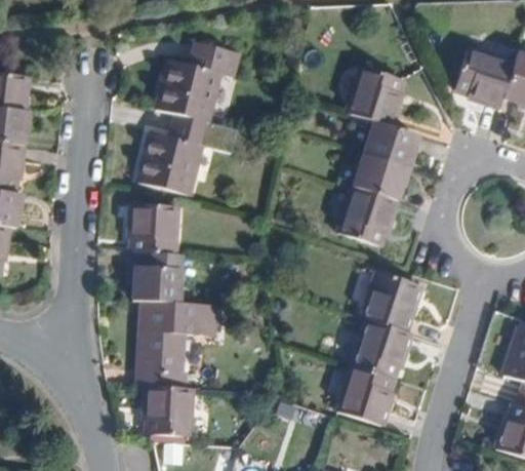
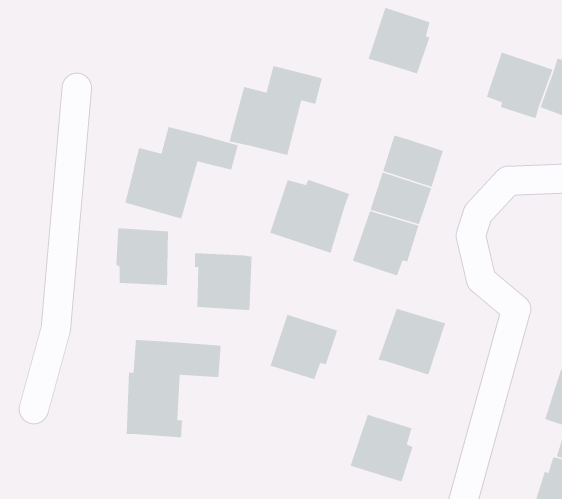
building: [156,41,239,121] -> [229,65,323,156]
building: [347,66,402,125] -> [367,7,430,74]
building: none -> [269,179,350,254]
building: [131,251,183,303] -> [194,253,252,311]
building: [351,320,411,379] -> [270,314,338,380]
building: [147,385,195,436] -> none

